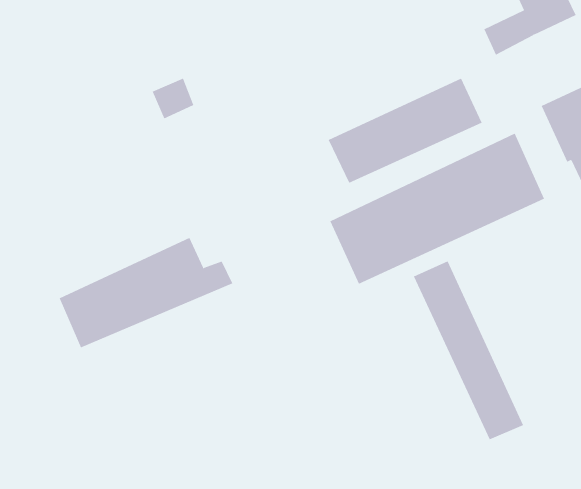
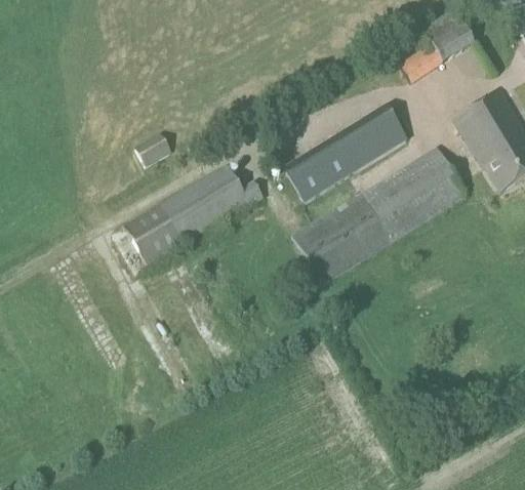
building: [59,237,233,348] -> [124,163,266,264]
building: [413,260,524,440] -> none

